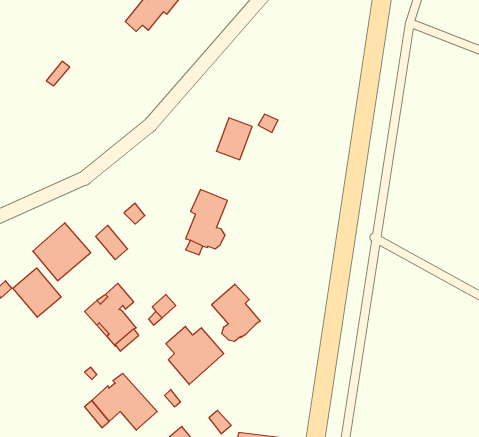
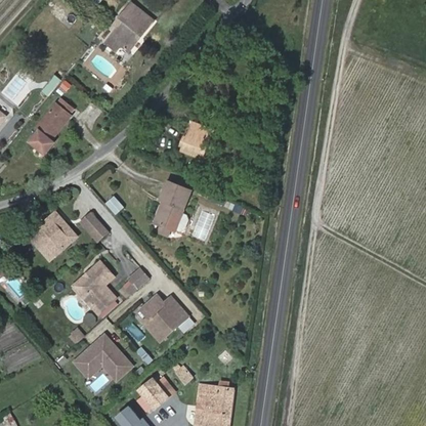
building: none -> [30,98,74,153]
building: [13,268,61,317] -> none
building: [212,284,260,342] -> none

